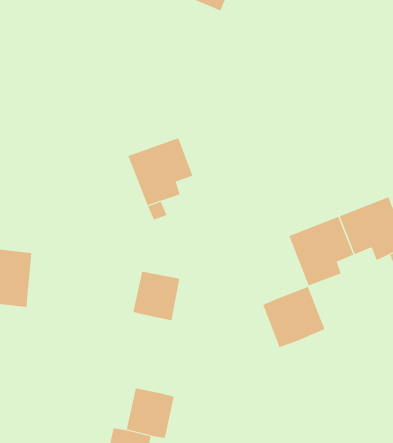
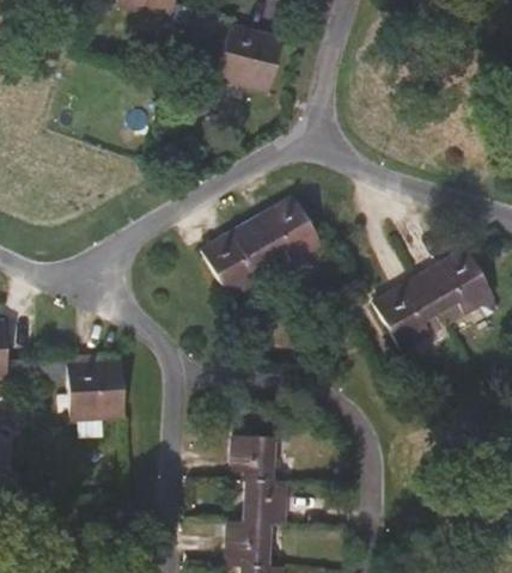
building: none -> [249,195,323,260]
building: [133,271,180,321] -> [232,434,274,478]
building: [262,286,325,348] -> none

